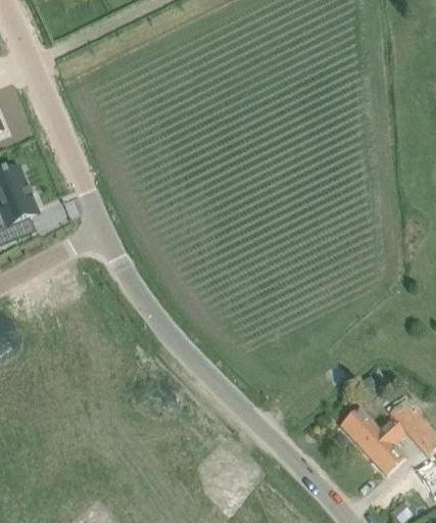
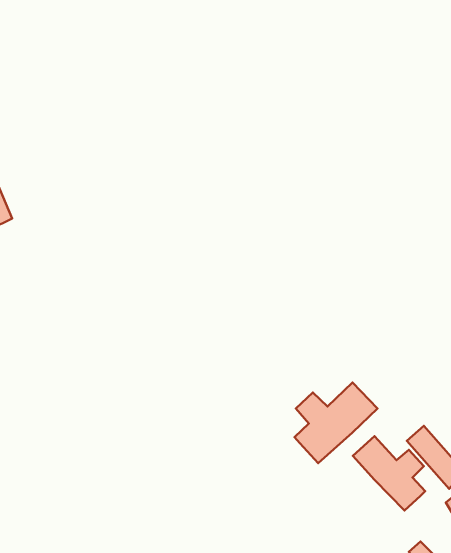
building: none -> [294,382,378,463]

